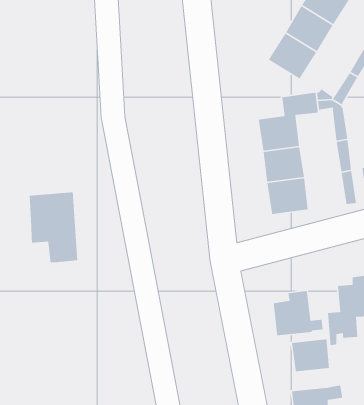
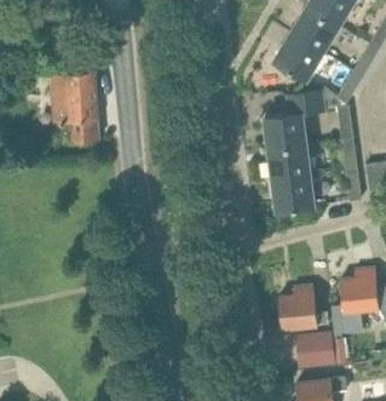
building: [29,191,78,263] -> [51,71,99,142]

